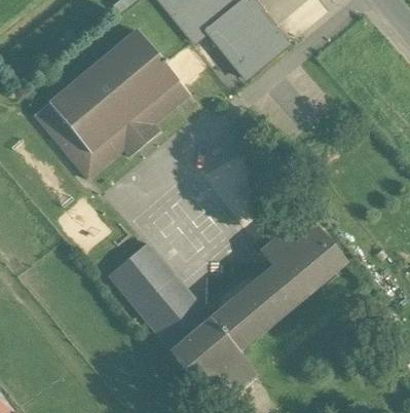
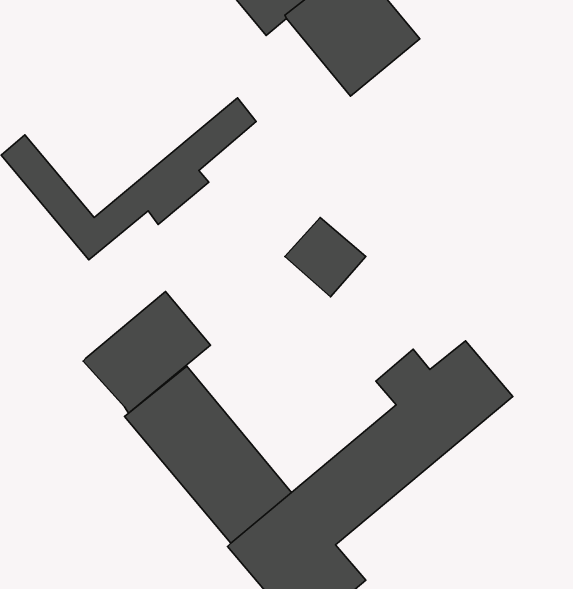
building: [47,30,177,153] -> none
building: none -> [83,291,210,413]

